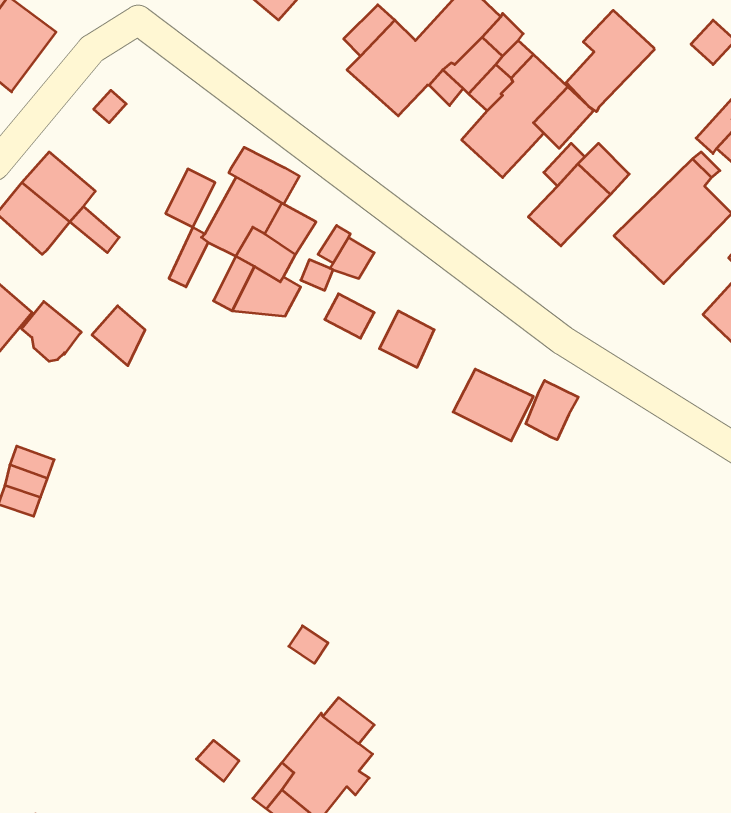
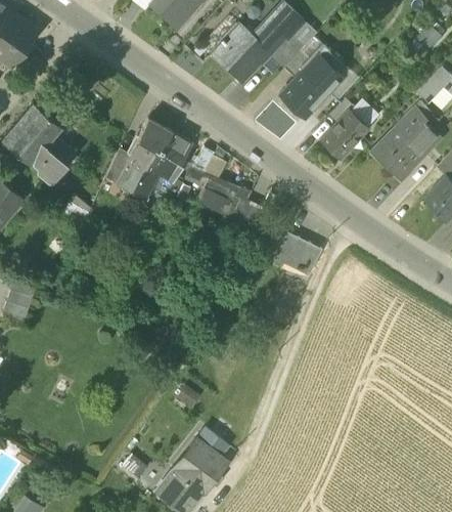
building: [566,10,654,112] -> none
building: [229,147,299,204] -> none
building: [166,169,215,227] -> [115,157,144,191]
building: [22,301,81,361] -> [32,144,67,180]
building: [526,380,578,440] -> none

